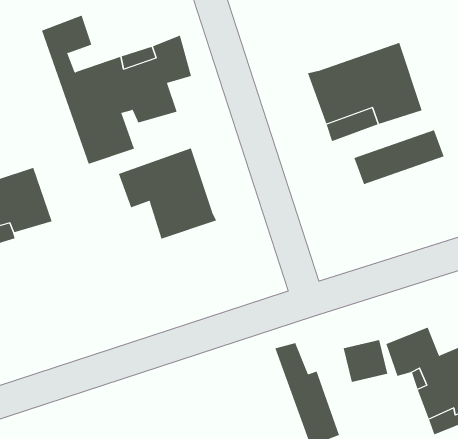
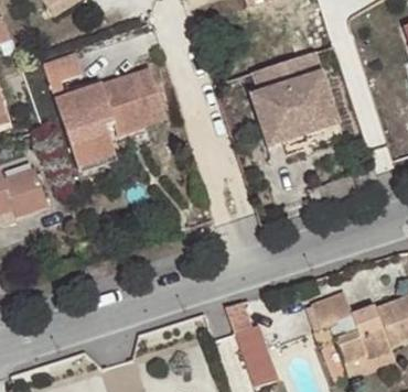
building: [353,129,444,185] -> [251,51,322,94]
building: [118,148,217,239] -> none

